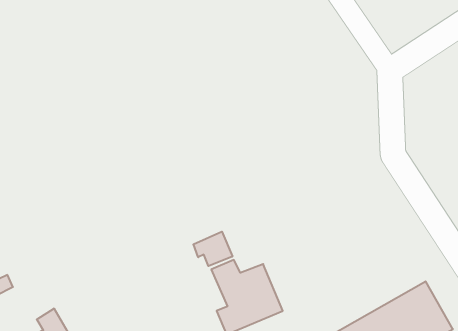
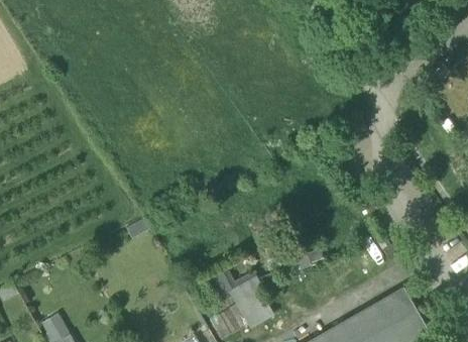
building: [193,232,232,266] -> none

